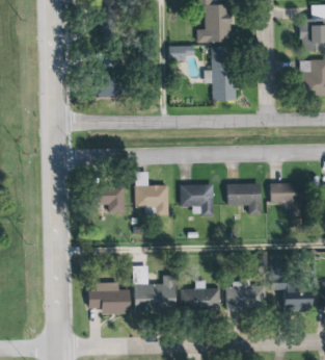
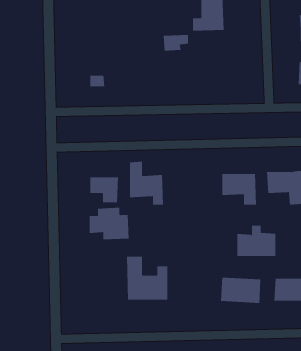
building: [211,47,234,100] -> none
building: [179,184,214,215] -> none
building: [180,280,219,311] -> [237,225,276,257]
building: [86,282,127,314] -> [89,207,130,240]

